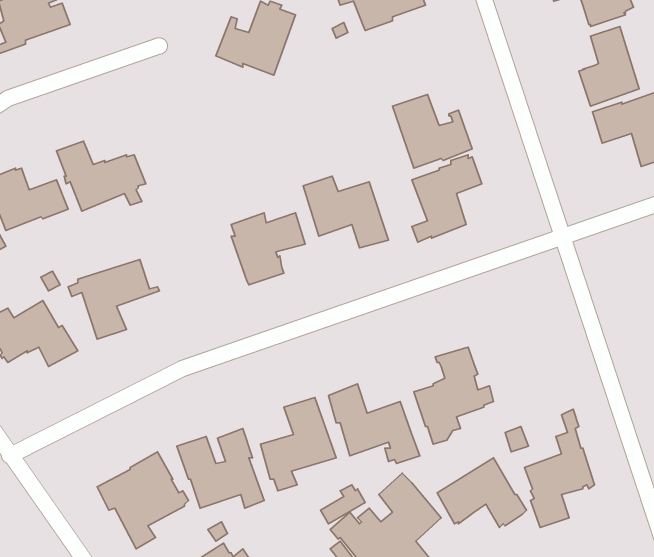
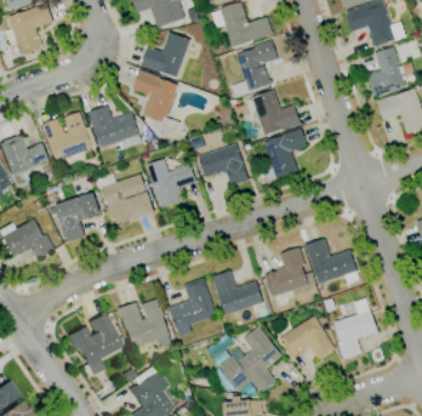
building: none -> [230,40,278,97]
building: none -> [132,70,183,144]
building: none -> [87,106,142,149]
building: none -> [95,173,154,226]
building: none -> [304,239,359,284]

